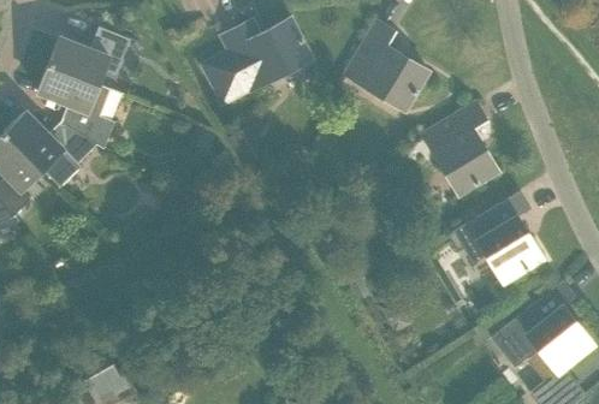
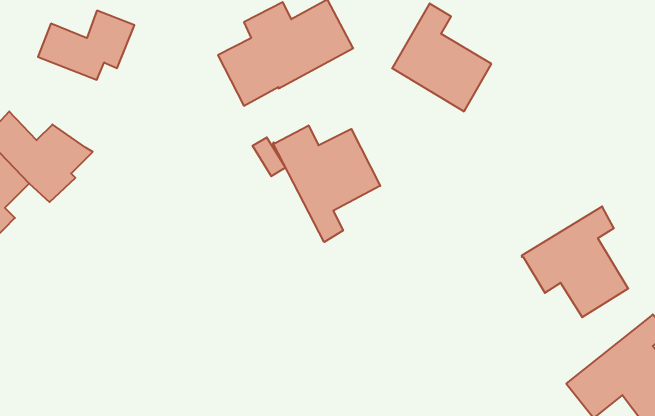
building: [37,65,113,149] -> none
building: [421,102,497,195] -> none
building: none -> [273,125,380,242]

